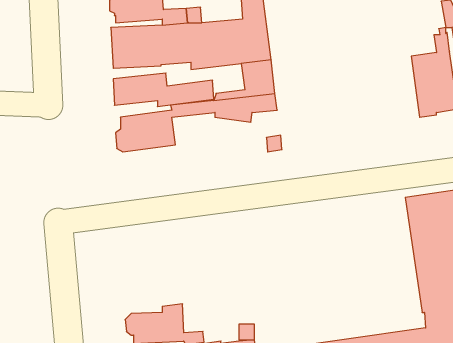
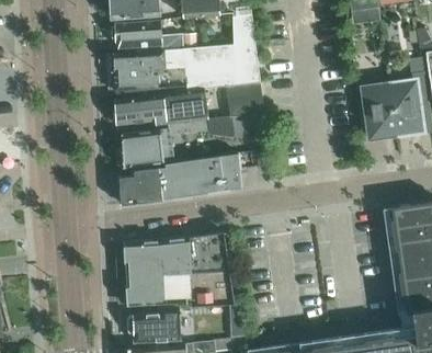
building: none -> [355,79,396,137]
building: none -> [120,153,241,204]
building: none -> [123,231,234,306]

